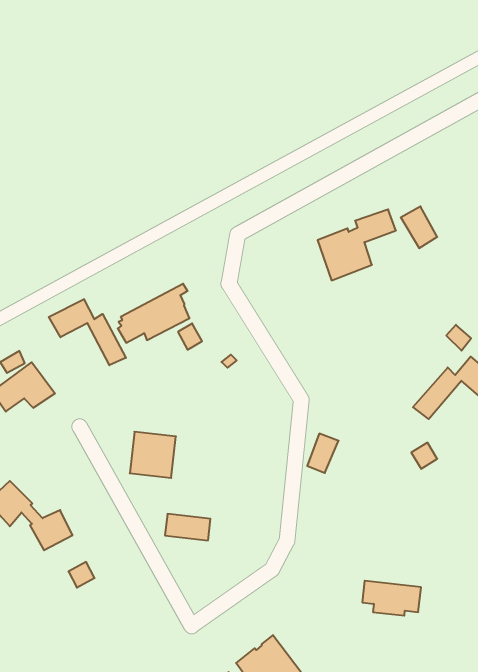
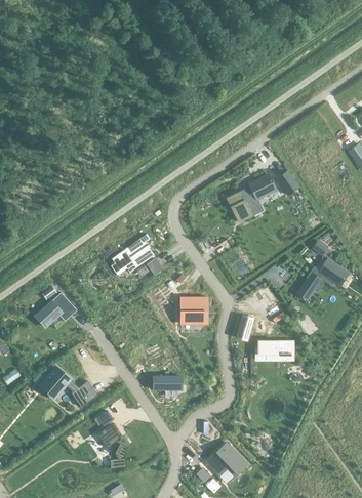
building: [49,299,126,365] -> none
building: [130,432,176,478] -> [180,297,206,323]
building: [362,581,421,616] -> [258,341,293,360]
building: none -> [97,424,127,468]

